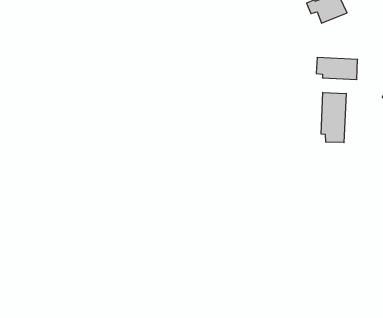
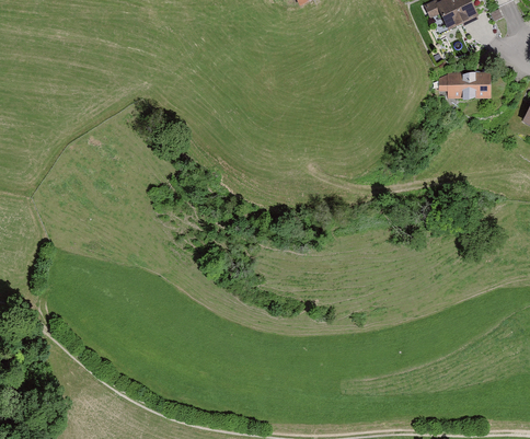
building: [321,92,346,143] -> none

